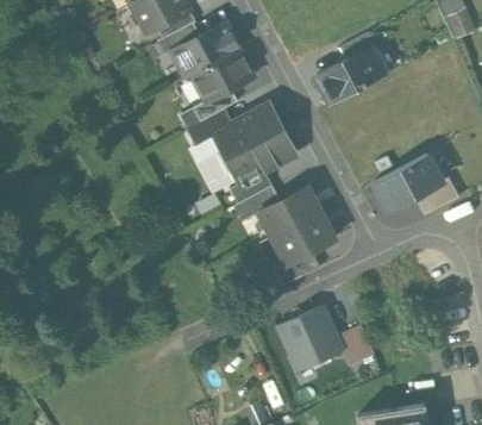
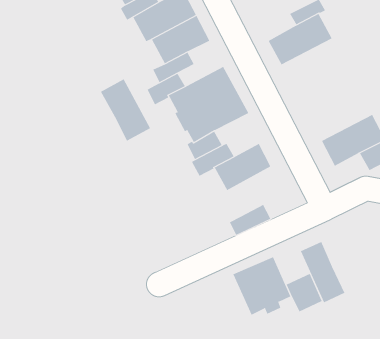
building: none -> [100,78,151,141]
building: [273,211,336,264] -> none
building: none -> [300,241,345,303]

